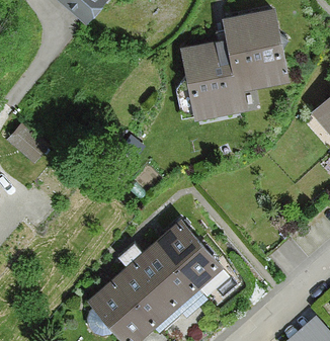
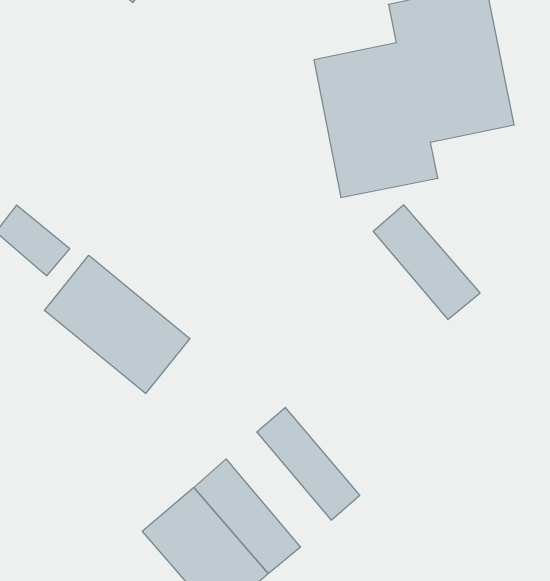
building: none -> [44,255,190,394]
building: [166,218,223,278] -> [373,205,480,319]
building: [135,245,190,306] -> none

